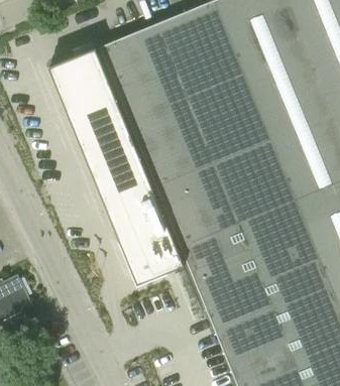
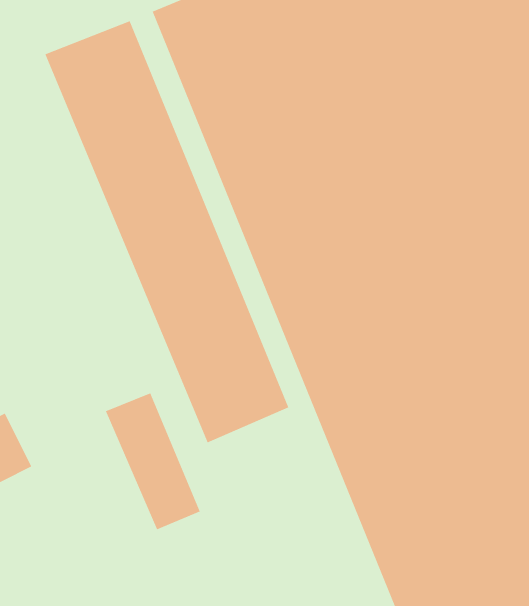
building: none -> [105,392,200,530]

